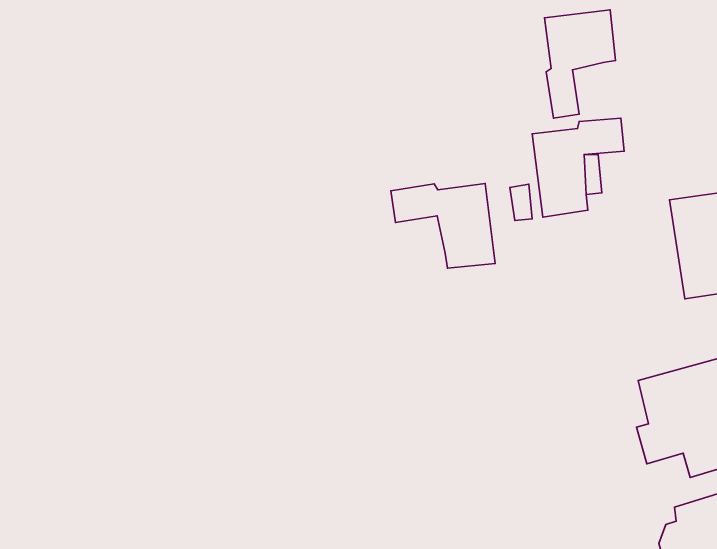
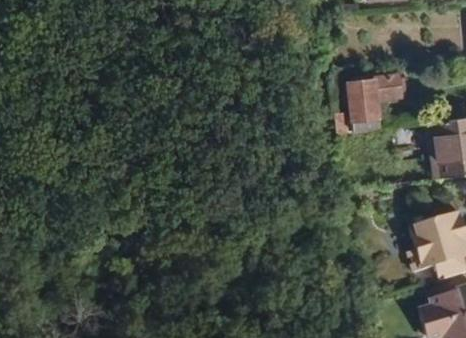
building: [544,10,615,118] -> none
building: [391,183,495,268] -> none

